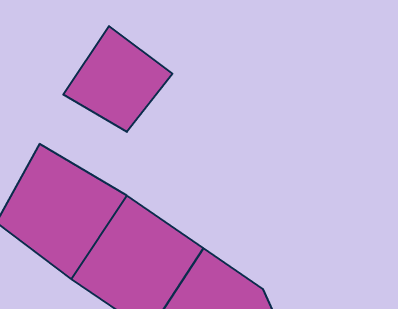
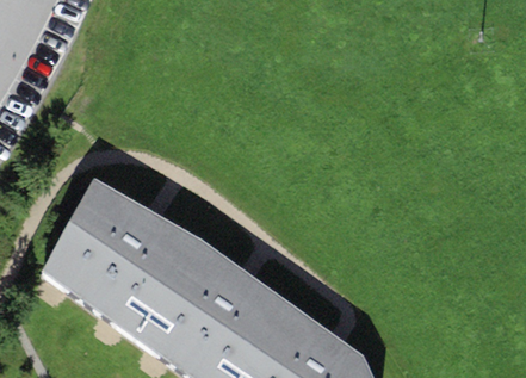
building: [63,26,172,132] -> none

